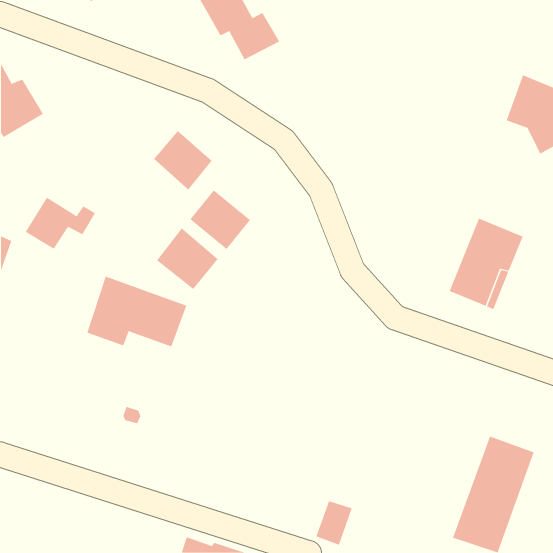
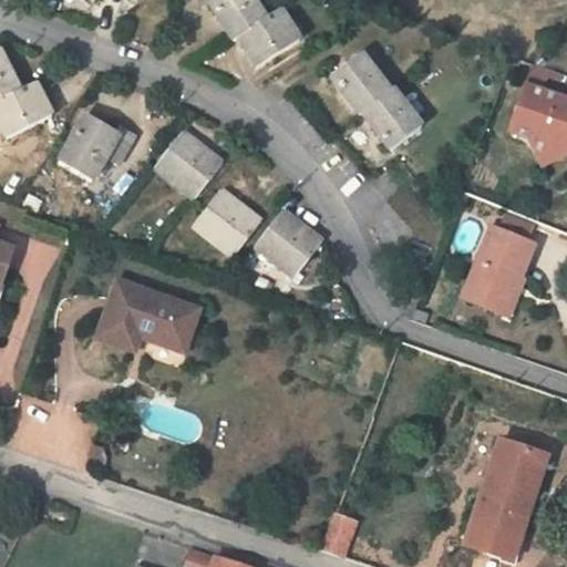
building: none -> [339,62,408,146]
building: [25,197,96,249] -> [62,116,134,169]
building: [156,227,219,290] -> [258,212,321,275]

